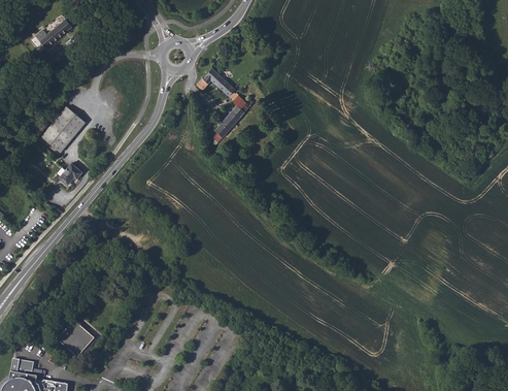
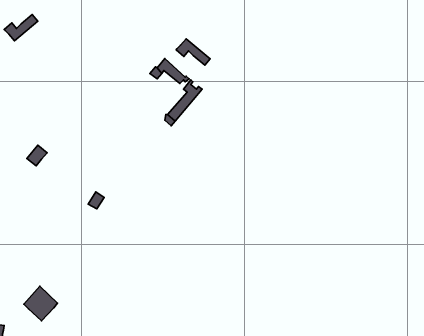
building: none -> [176,39,210,65]
building: [41,106,84,151] -> none

